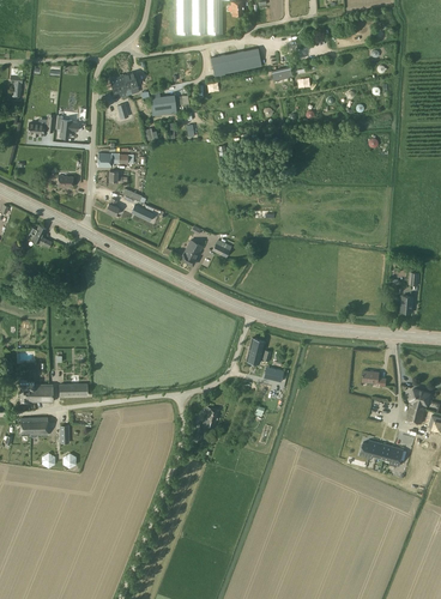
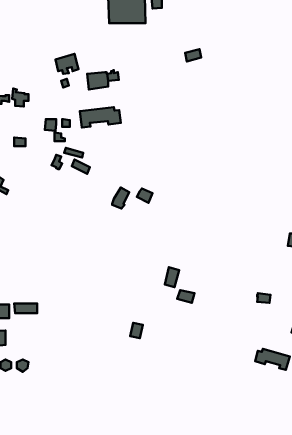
building: [211,48,261,75] -> none
building: none -> [80,107,121,128]

